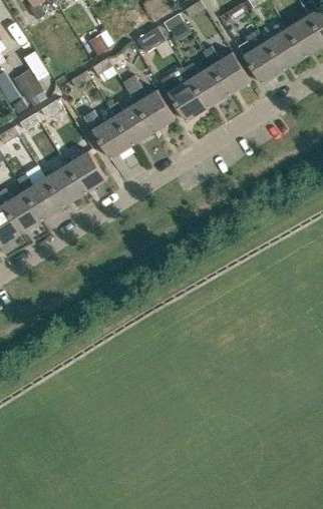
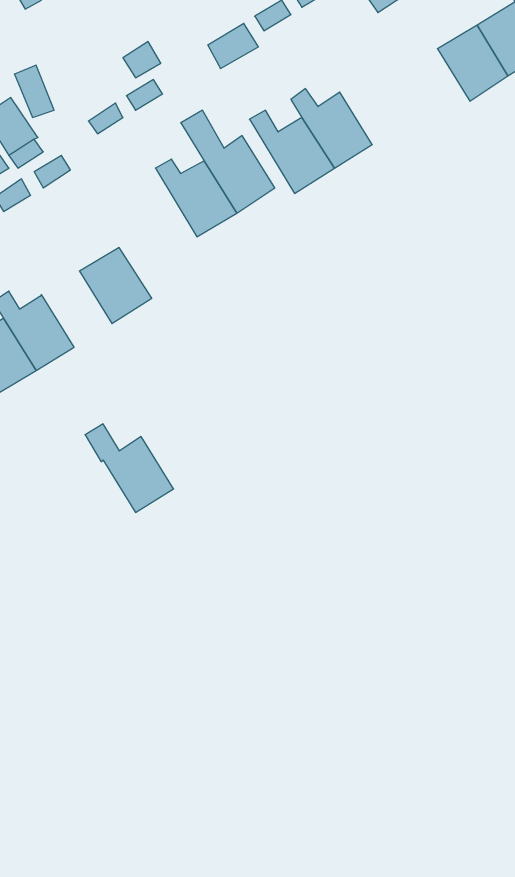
building: [238,30,283,83] -> none
building: [203,46,251,94] -> none
building: [84,103,131,158] -> none
building: [35,157,84,206] -> [85,424,174,512]

